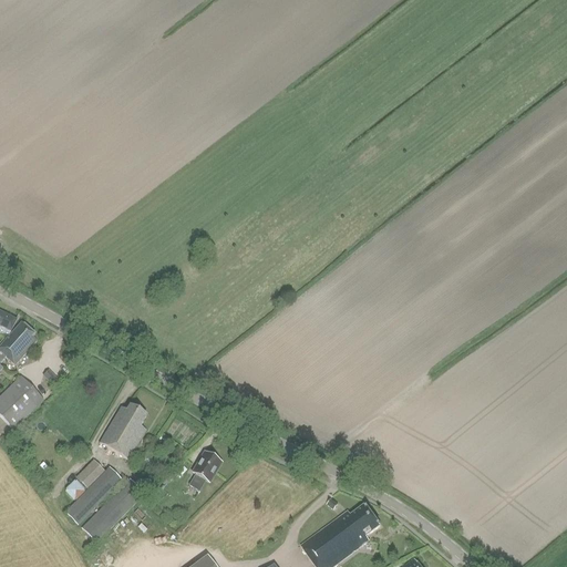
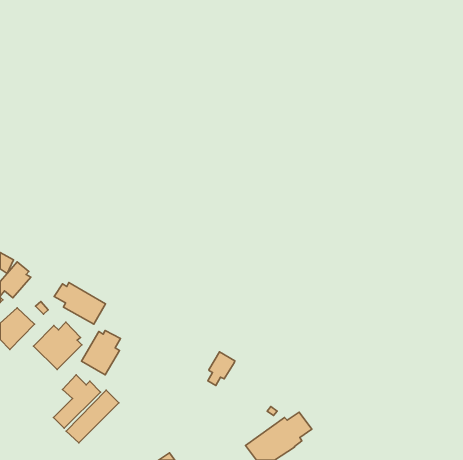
building: none -> [54,283,106,324]
building: none -> [34,322,82,370]
building: [189,449,223,489] -> [208,352,235,385]

